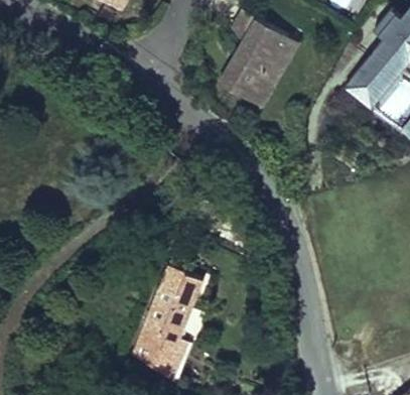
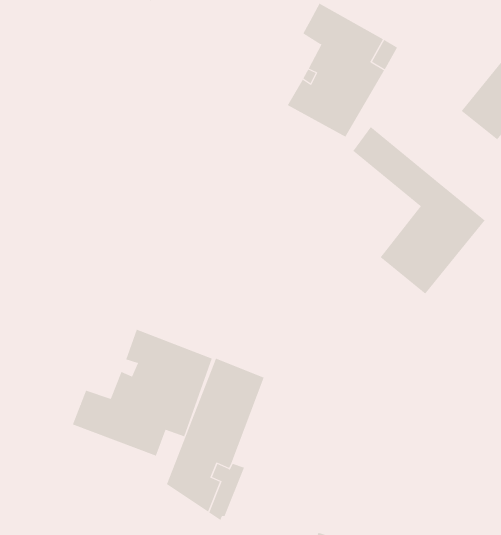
building: none -> [353,126,485,294]
building: none -> [72,329,213,457]

